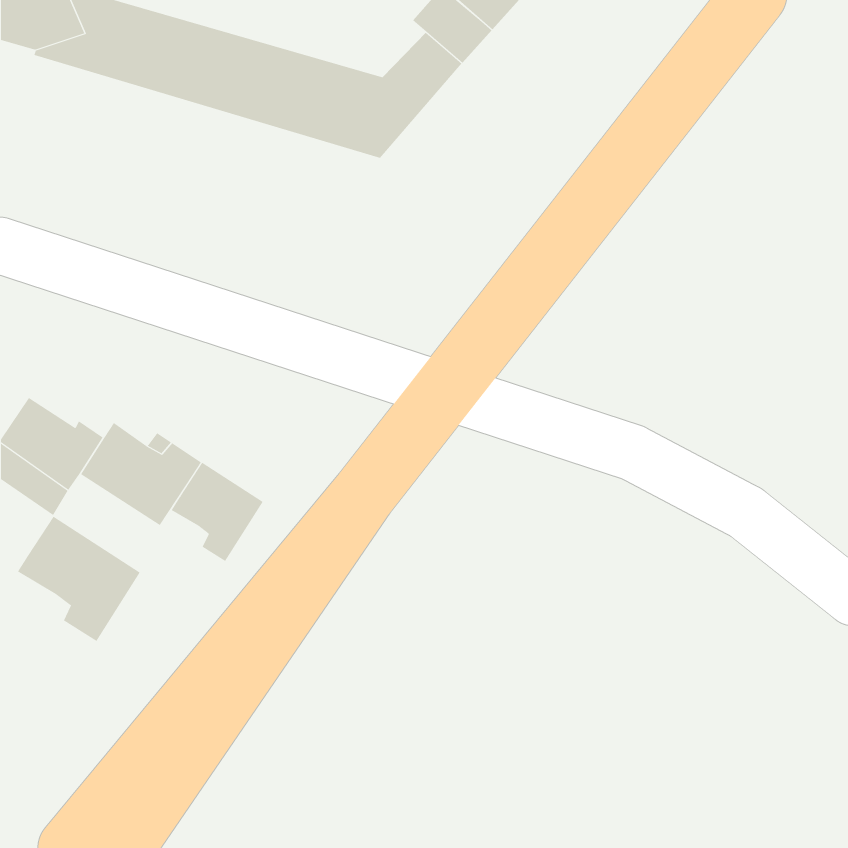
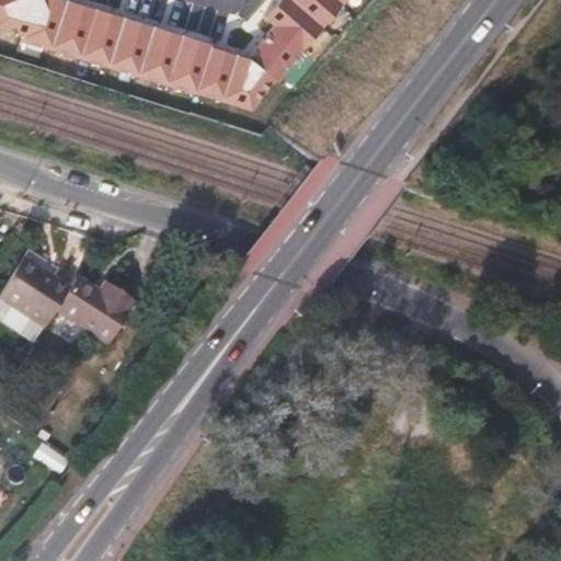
building: [171,462,263,562] -> none
building: [17,516,141,642] -> none

